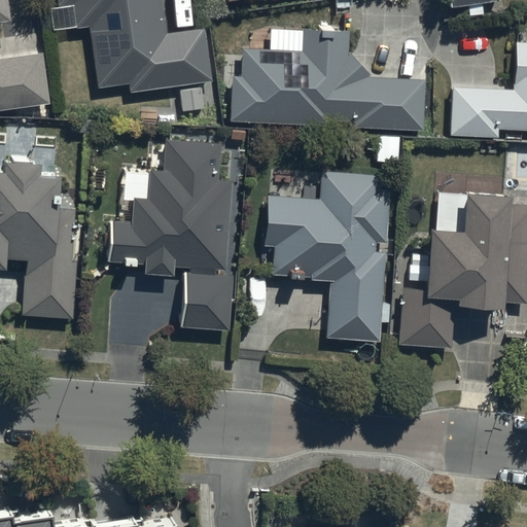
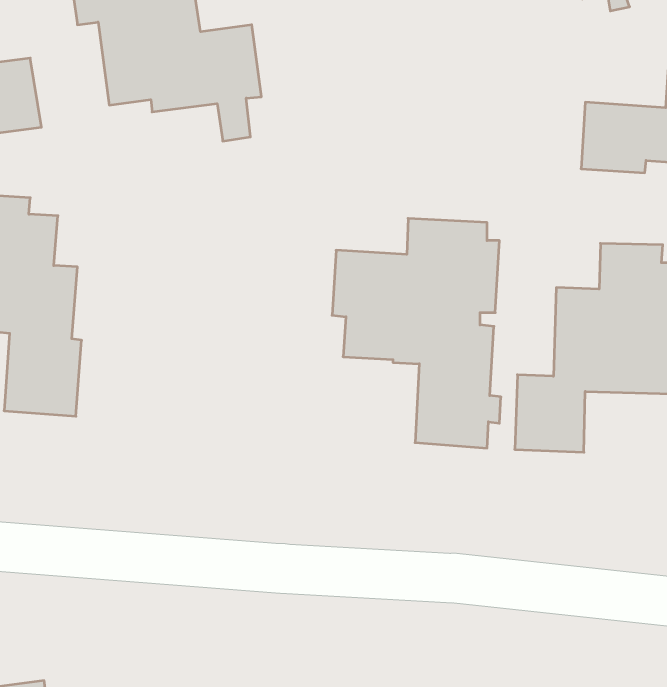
building: [231,25,426,131] -> none
building: [106,137,234,330] -> none

